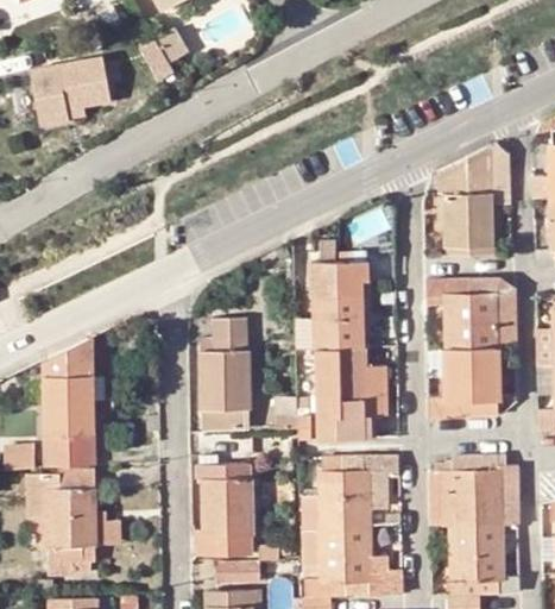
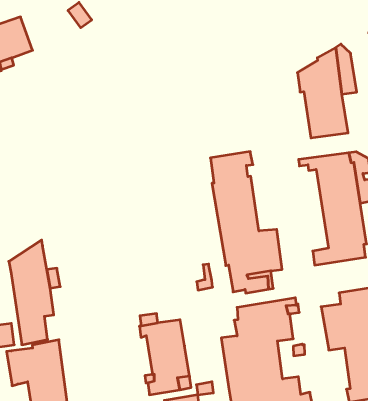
building: [202,319,248,429] -> none

